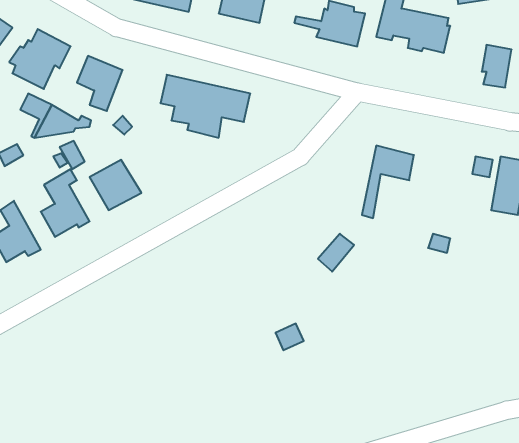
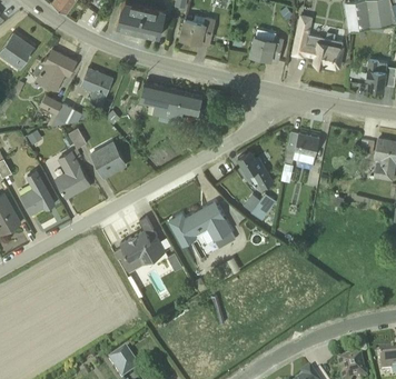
building: none -> [238,150,274,188]
building: none -> [170,202,237,248]
building: none -> [121,216,166,263]

